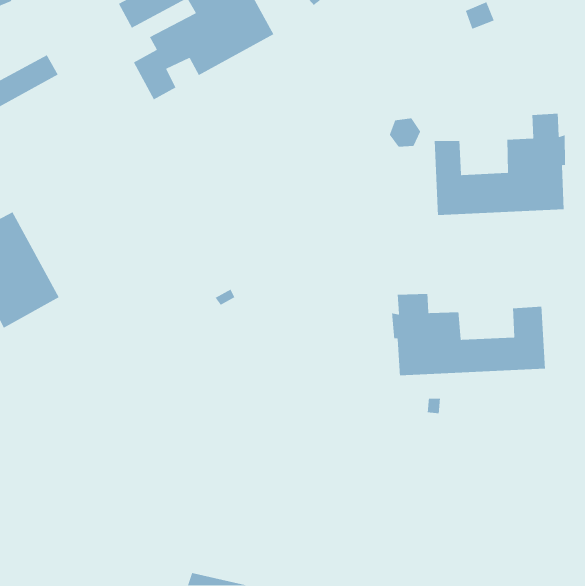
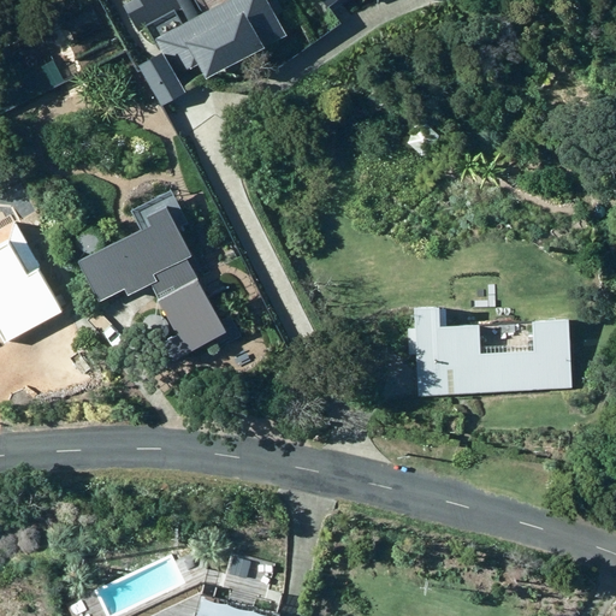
building: [434,113,566,216] -> none
building: none -> [79,205,225,359]

